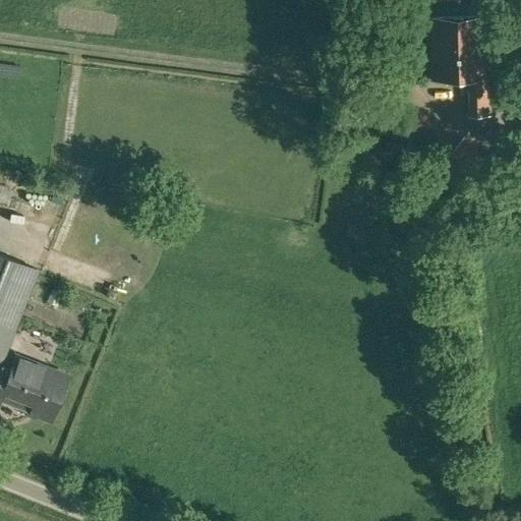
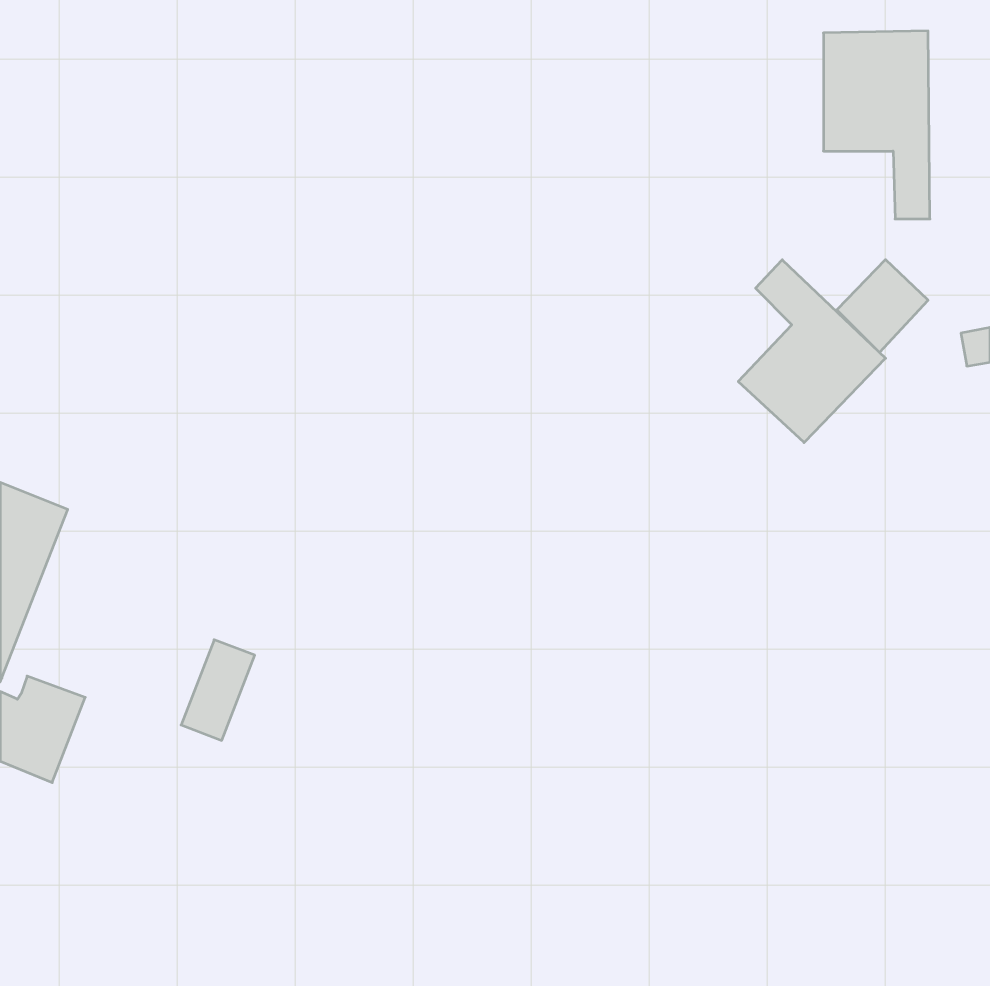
building: none -> [738,260,886,443]
building: [27,368,66,421] -> [181,640,255,740]

